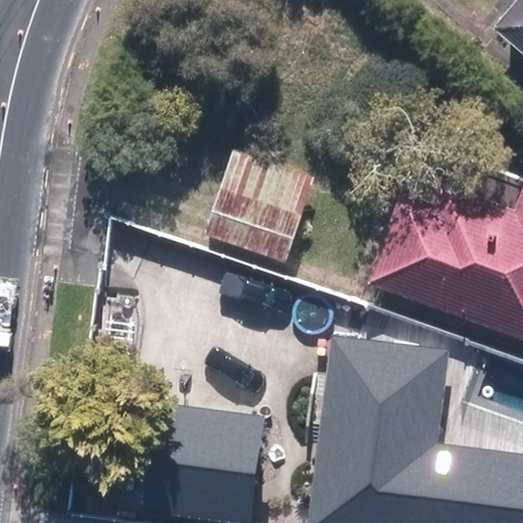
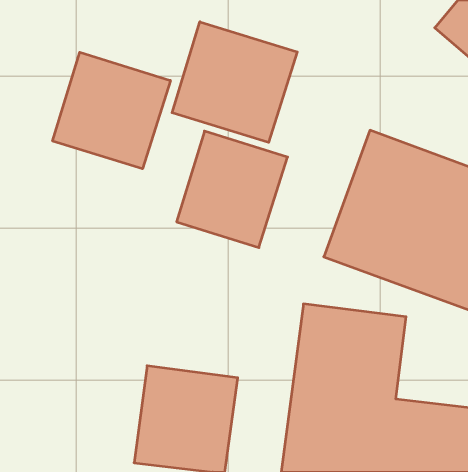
building: none -> [172,22,297,142]
building: none -> [53,52,170,169]

